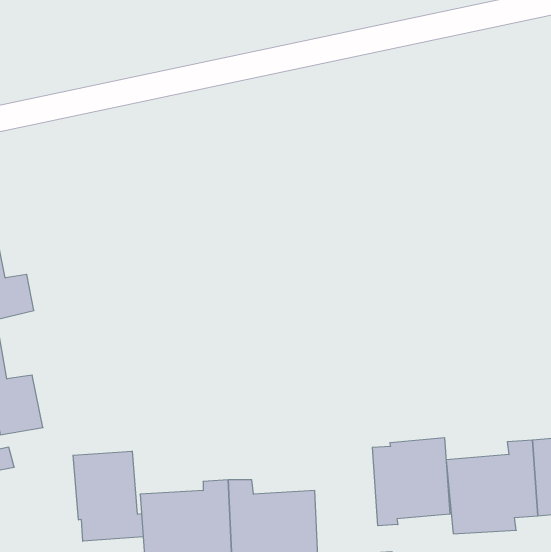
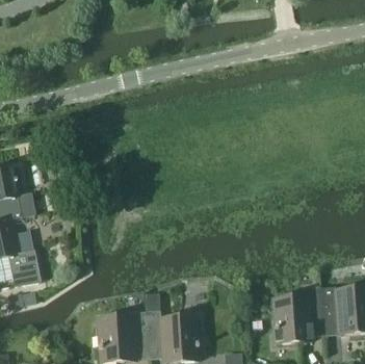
building: [372,438,450,526] -> none
building: [73,451,143,541] -> none

